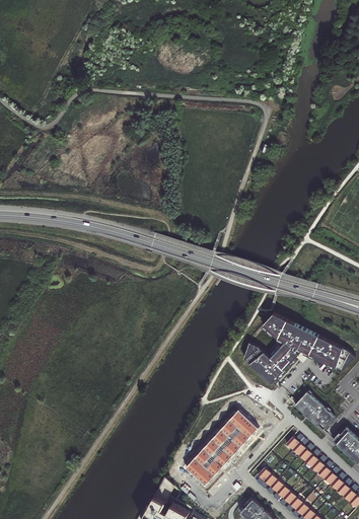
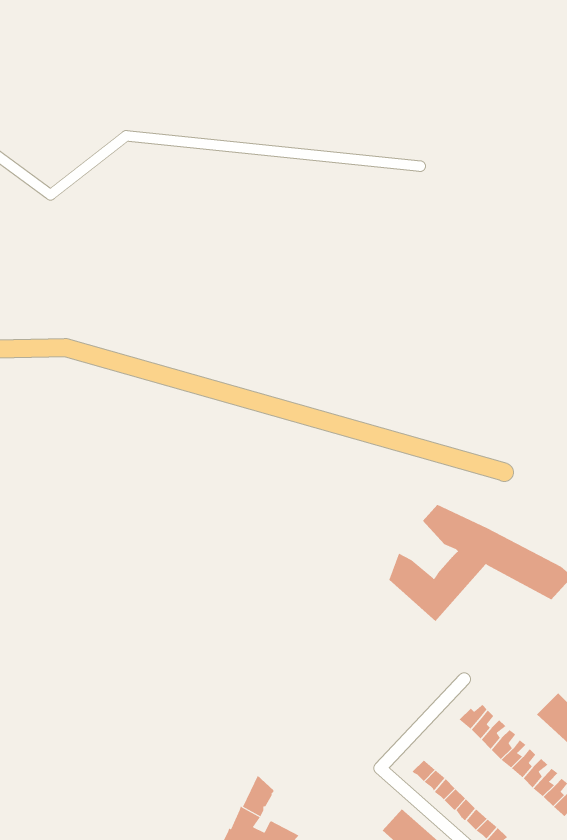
building: [293,391,334,429] -> none
building: [187,411,258,486] -> none

